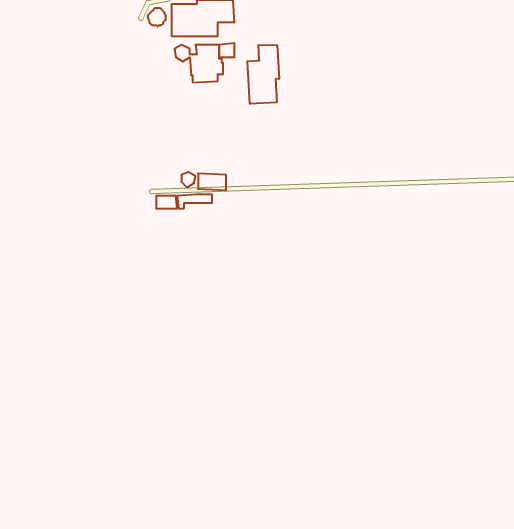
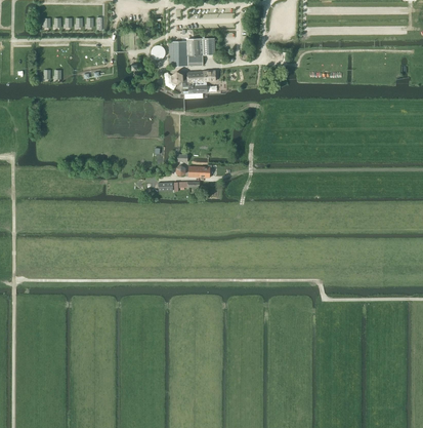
building: [248,45,279,104] -> none

